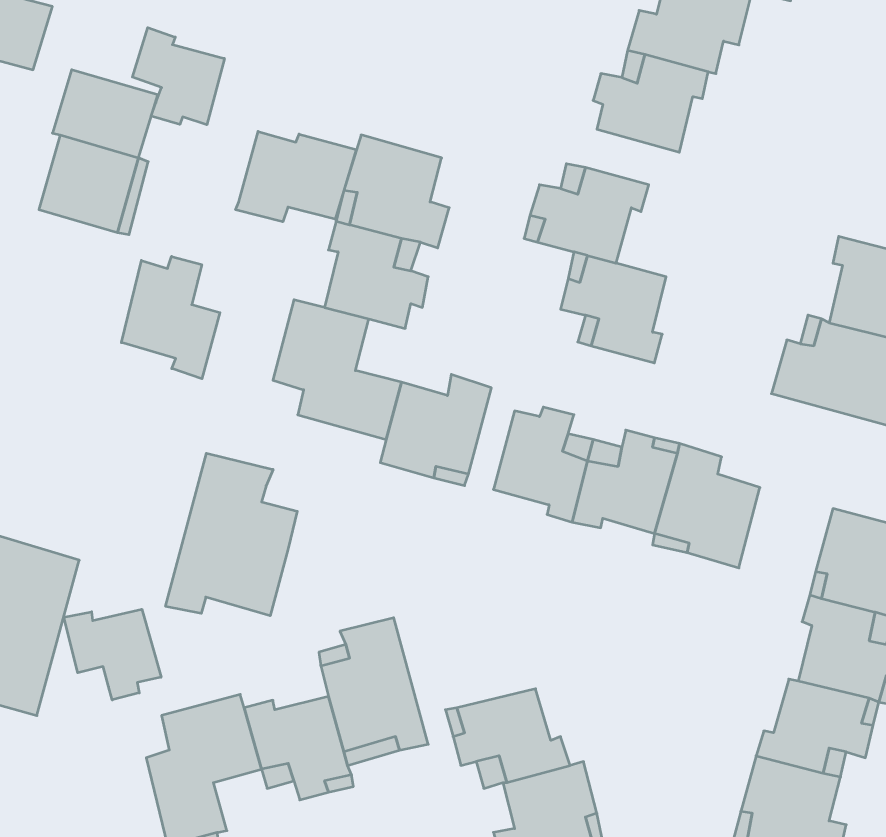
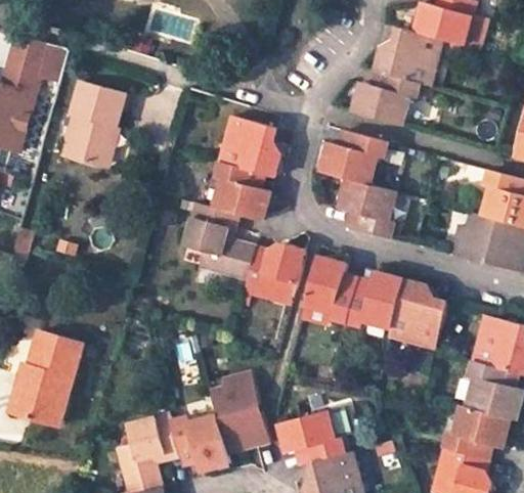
building: [132,28,224,125] -> none
building: [236,131,356,222] -> none
building: [121,256,220,379] -> none
building: [166,453,297,616] -> none
building: [64,609,161,700] -> none

